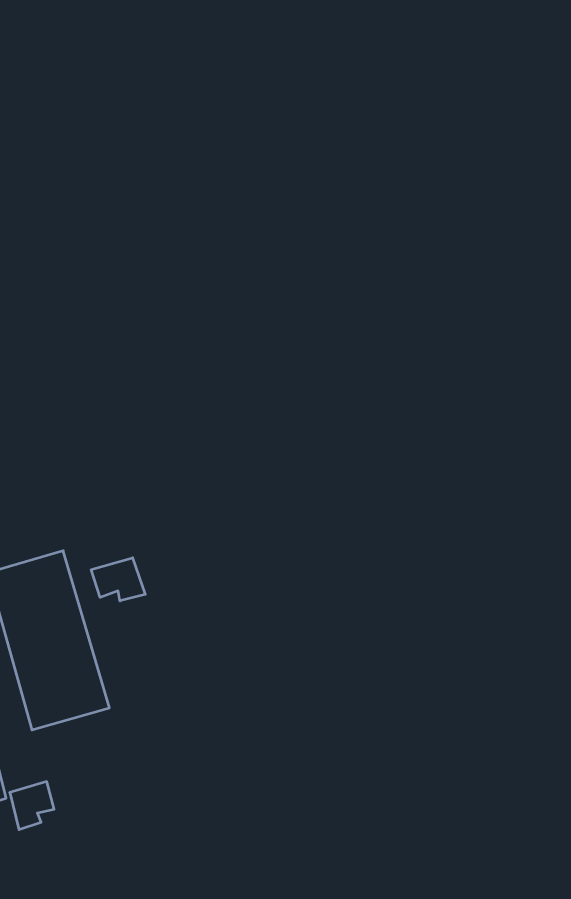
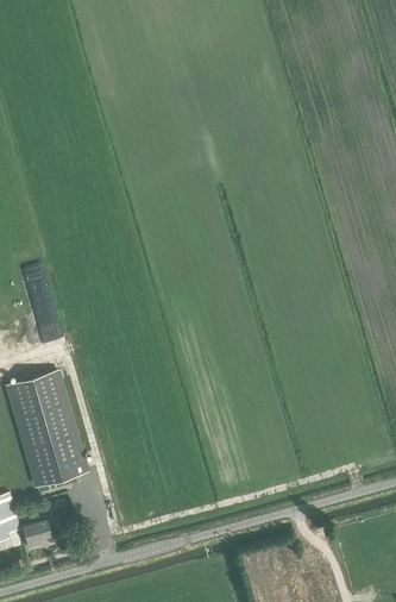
building: [91,558,145,601] -> none

